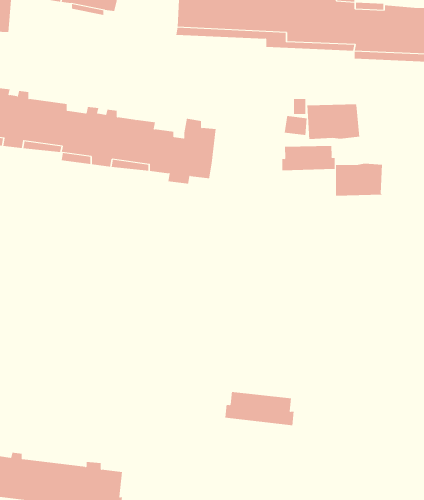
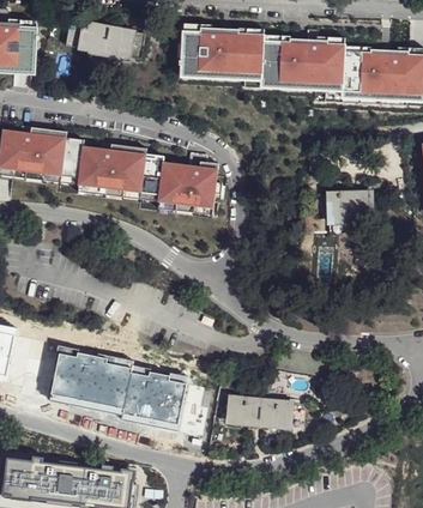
building: [307,103,360,140] -> none
building: [282,145,335,171] -> none
building: none -> [49,345,188,429]

